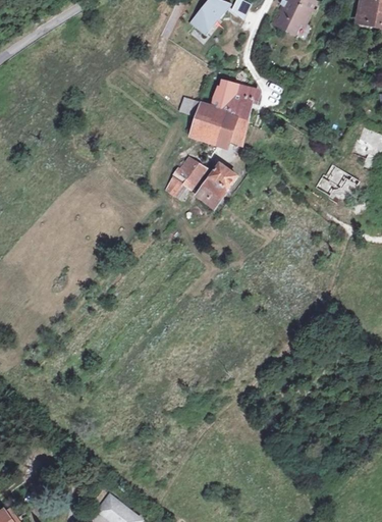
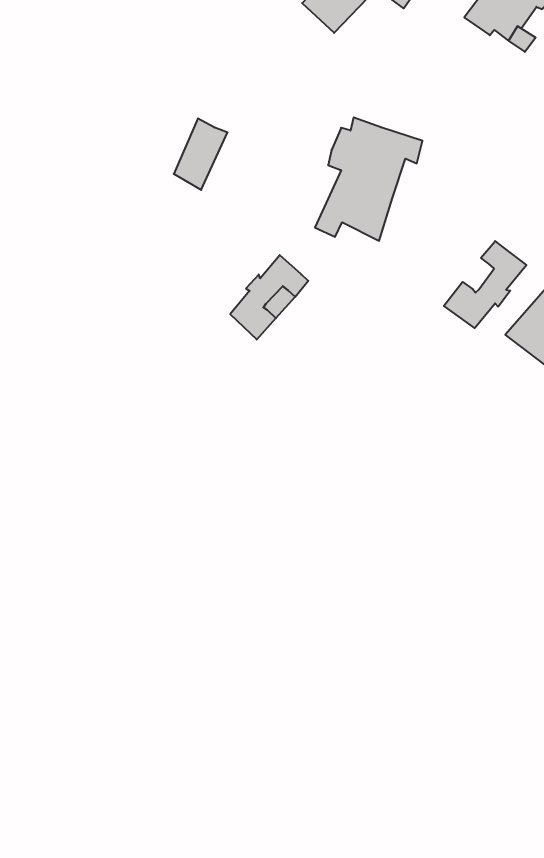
building: [190,102,217,140] -> [174,118,228,190]
building: none -> [444,241,526,328]
building: [196,163,236,207] -> none

